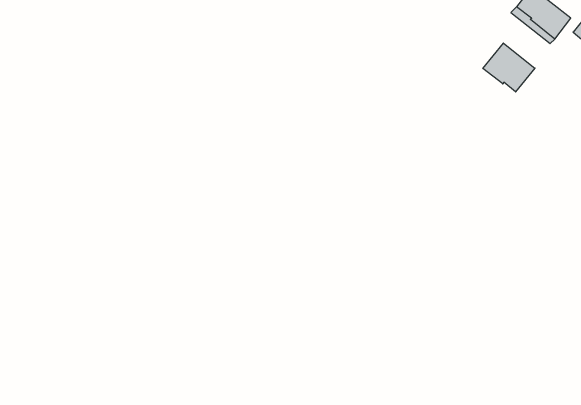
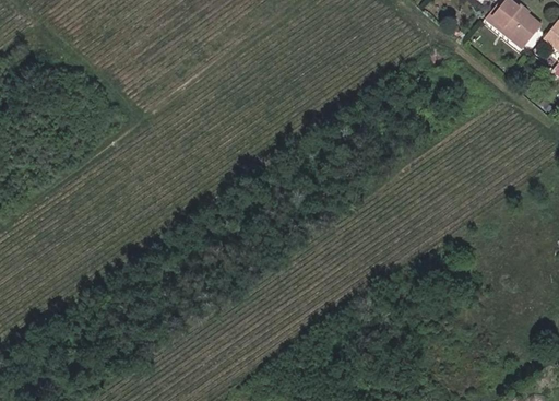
building: [483,43,535,92] -> none

